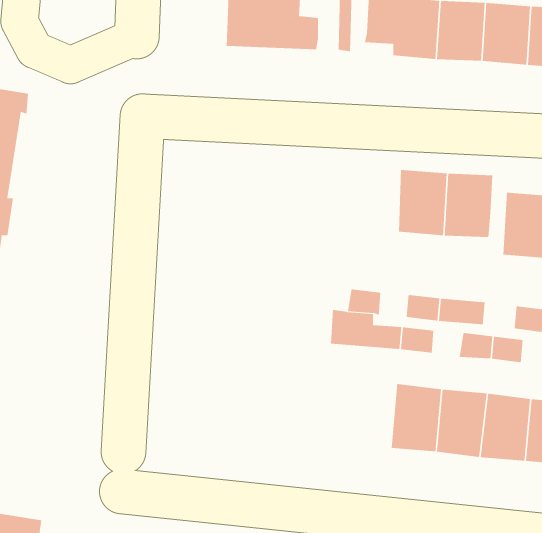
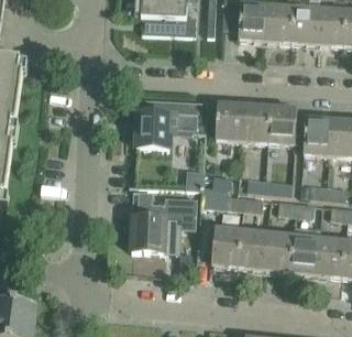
building: none -> [136,99,208,149]
building: none -> [215,104,243,141]
building: none -> [131,192,197,253]
building: none -> [211,227,241,267]

